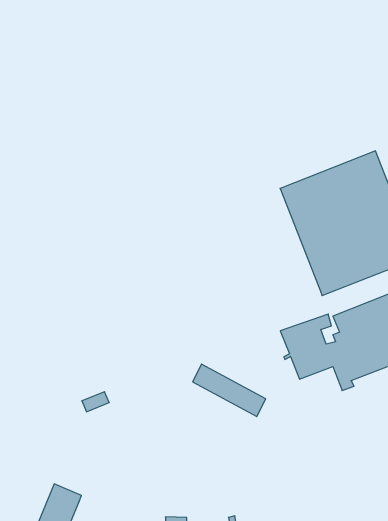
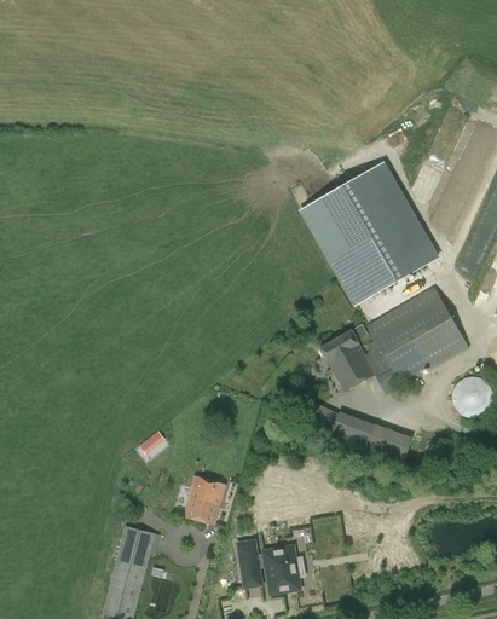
building: [193,364,266,417] -> [337,411,410,453]
building: none -> [184,475,225,523]

